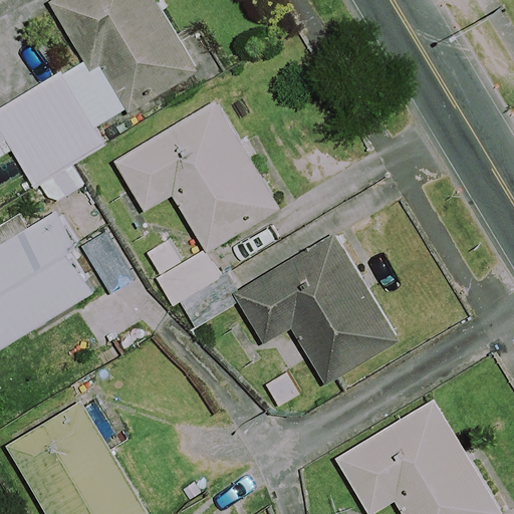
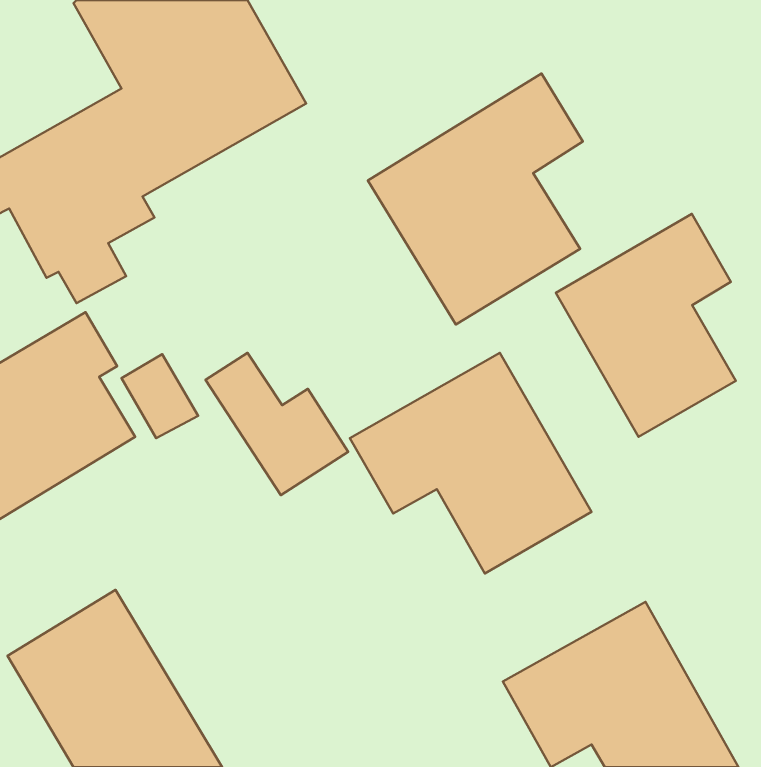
building: none -> [368,73,583,325]
building: [114,100,278,251] -> none
building: none -> [556,214,736,437]

